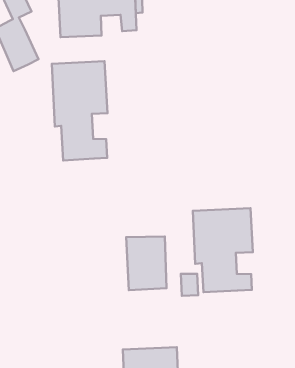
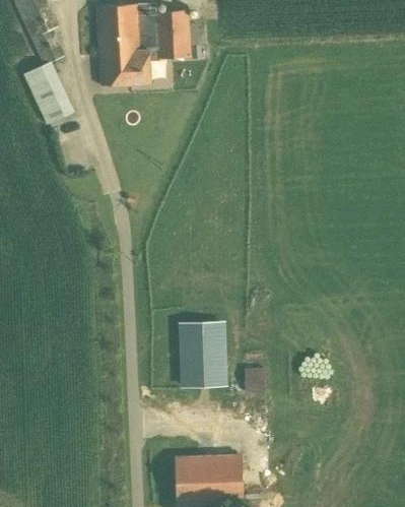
building: [52,61,107,160] -> none
building: [193,208,253,292] -> none

